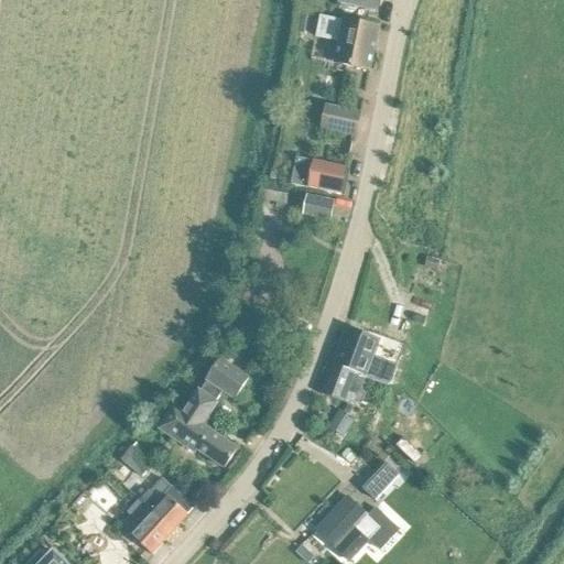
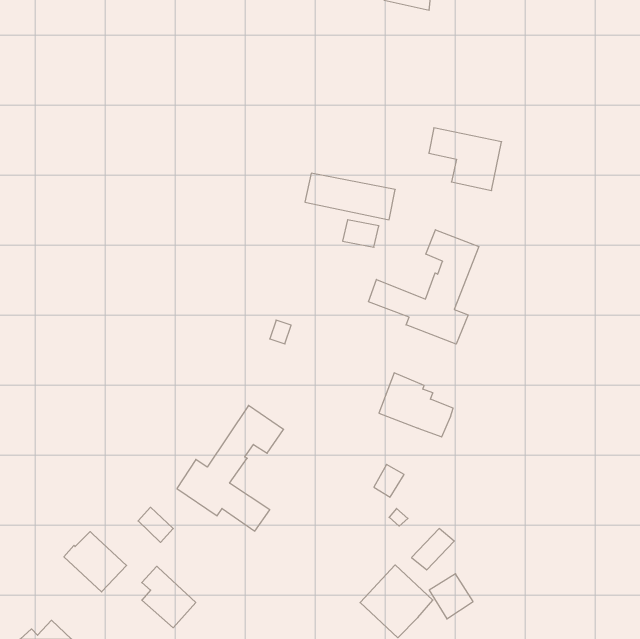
building: [314,14,378,69] -> [429,128,502,191]
building: [321,105,360,134] -> none
building: none -> [368,230,479,344]
building: [322,362,367,405] -> none
building: [139,476,194,529] -> [64,532,127,592]

